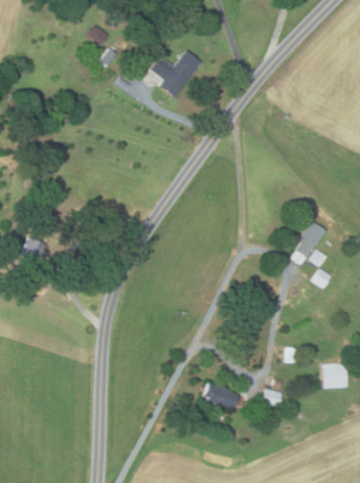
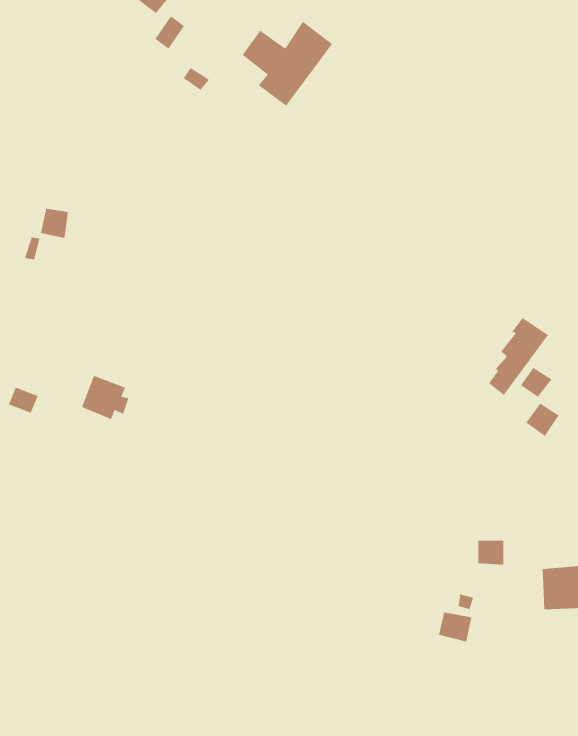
building: [20,237,48,263] -> [81,375,129,420]
building: [204,382,240,412] -> none

